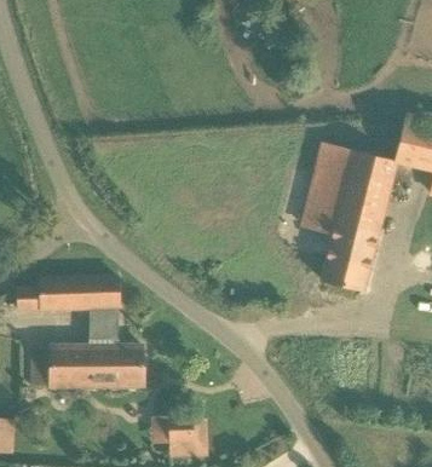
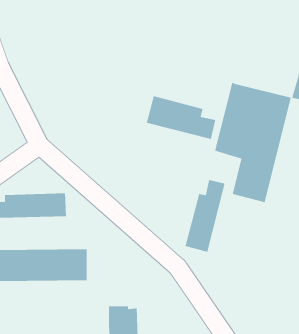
building: none -> [146,95,216,140]
building: none -> [185,179,226,253]

